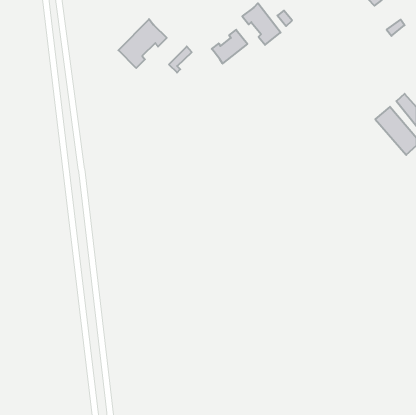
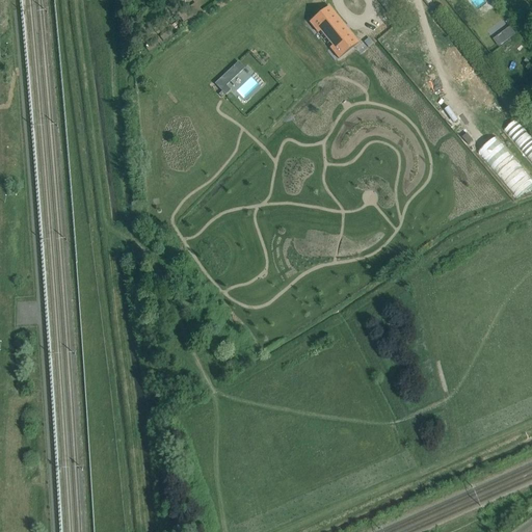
building: [118,19,167,68] -> none
building: [212,30,247,64] -> none

